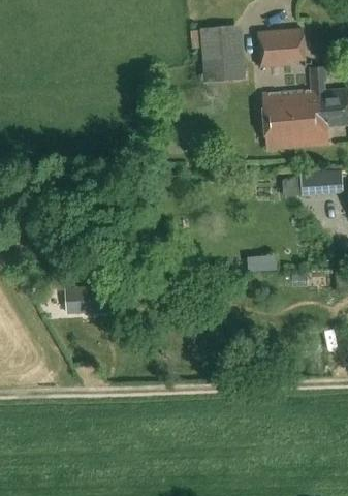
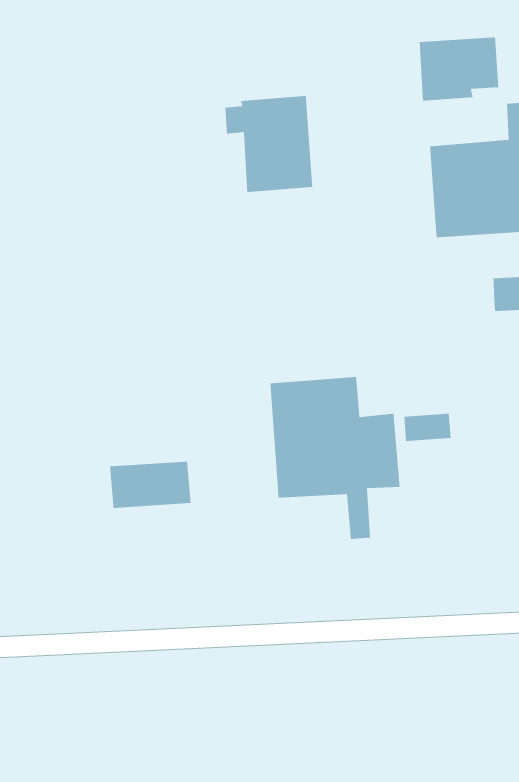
building: [190,23,244,82] -> [224,95,313,193]
building: none -> [269,376,400,540]

